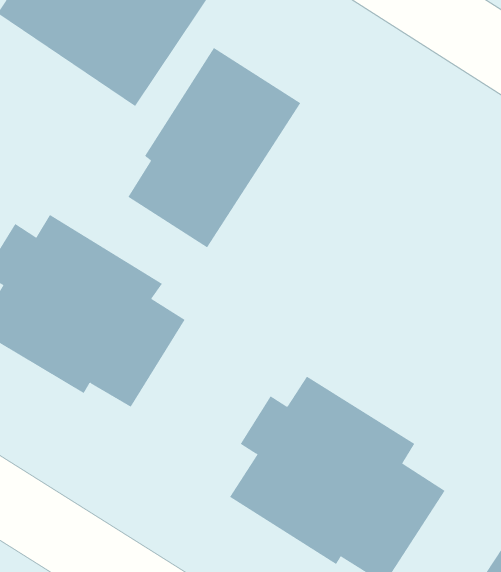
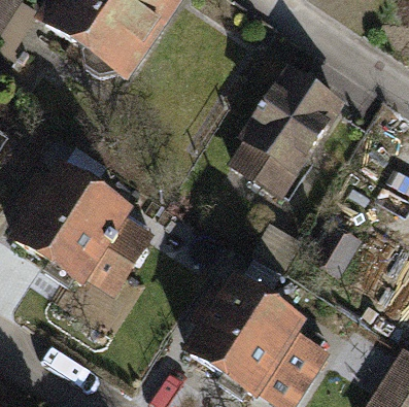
building: [127,47,301,248] -> [228,61,346,198]

